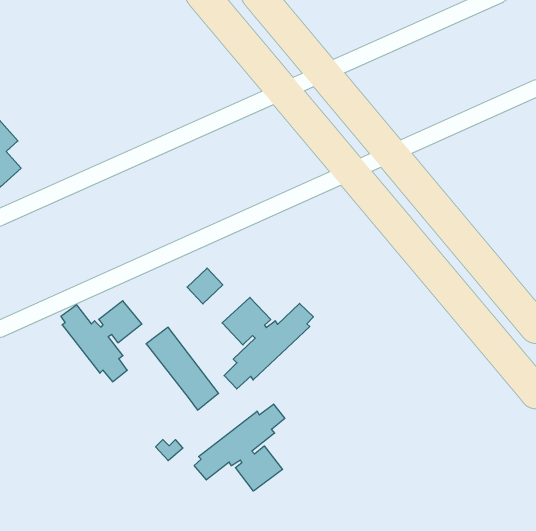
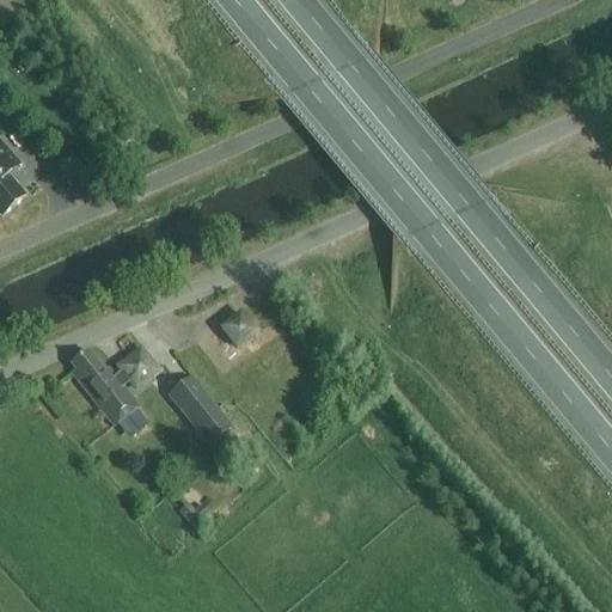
building: [222,297,313,389] -> none
building: [194,404,285,491] -> none

